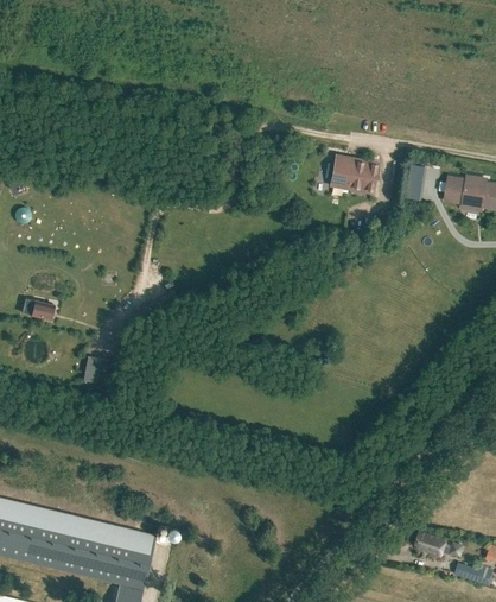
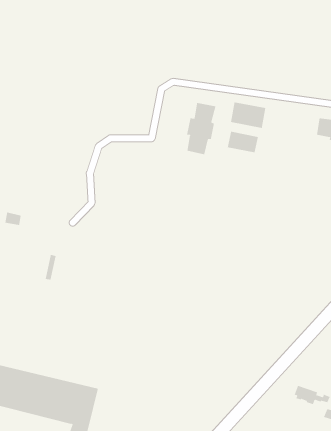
building: none -> [187,102,216,155]
building: none -> [227,131,258,153]

